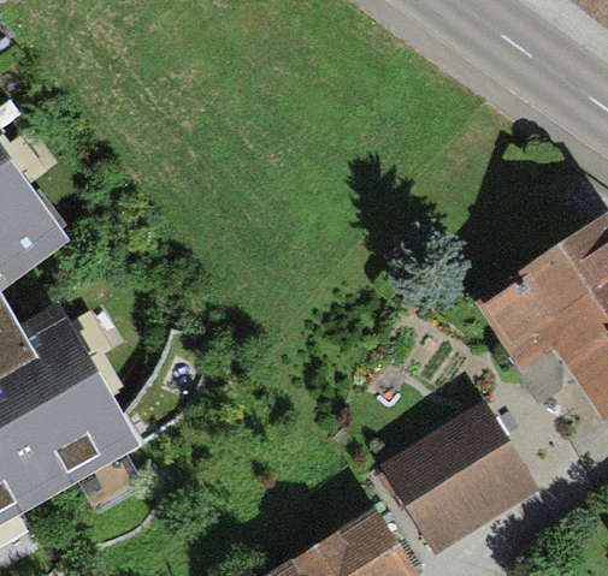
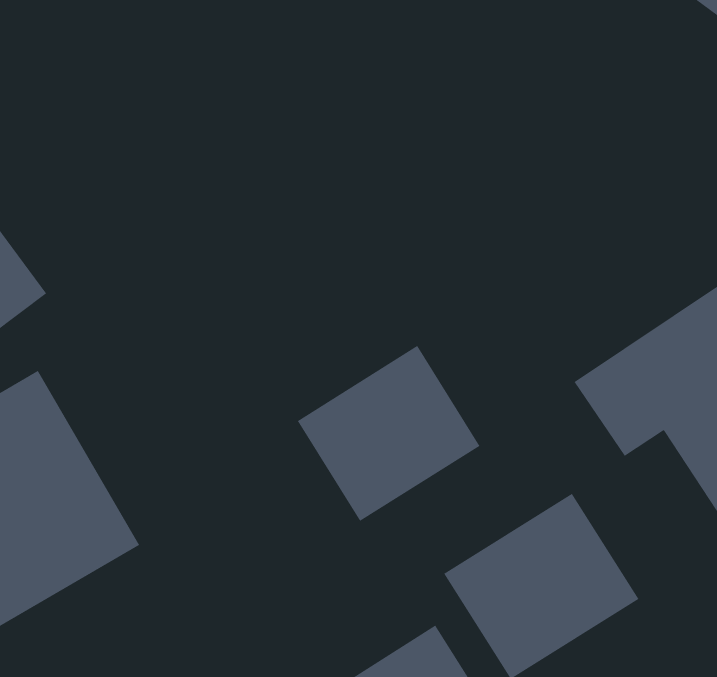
building: none -> [297,345,480,522]

